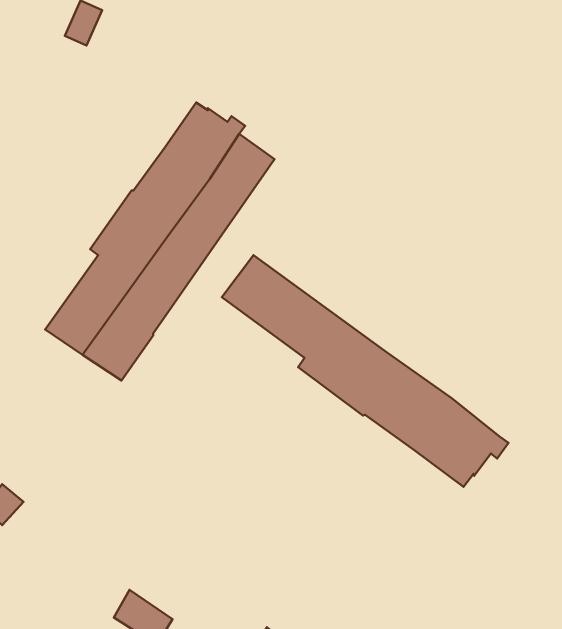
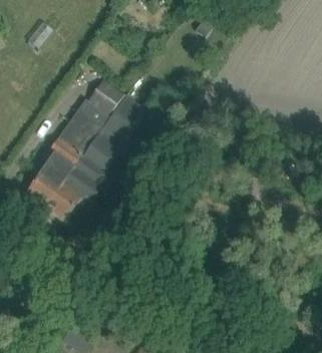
building: [222,255,509,487] -> none

